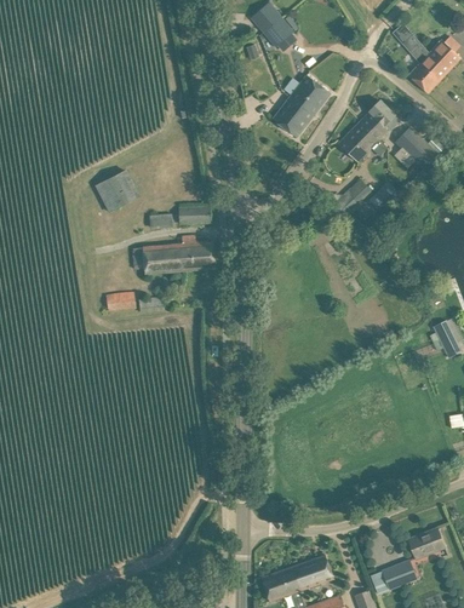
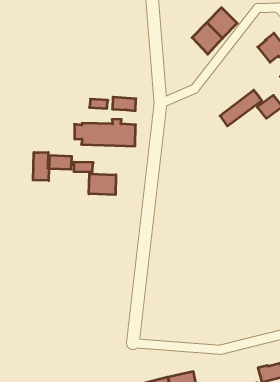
building: [339,121,385,161] -> none
building: [96,170,138,212] -> none
building: none -> [33,152,49,181]
building: none -> [89,174,116,195]

